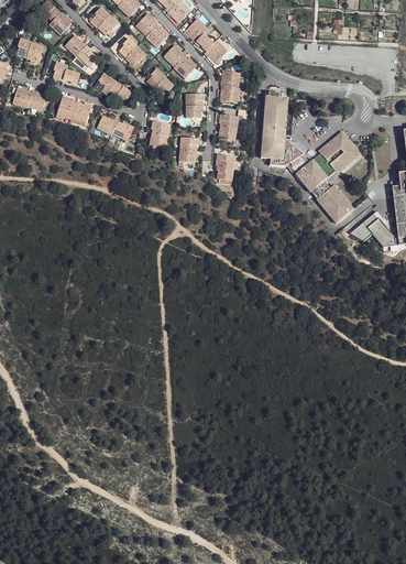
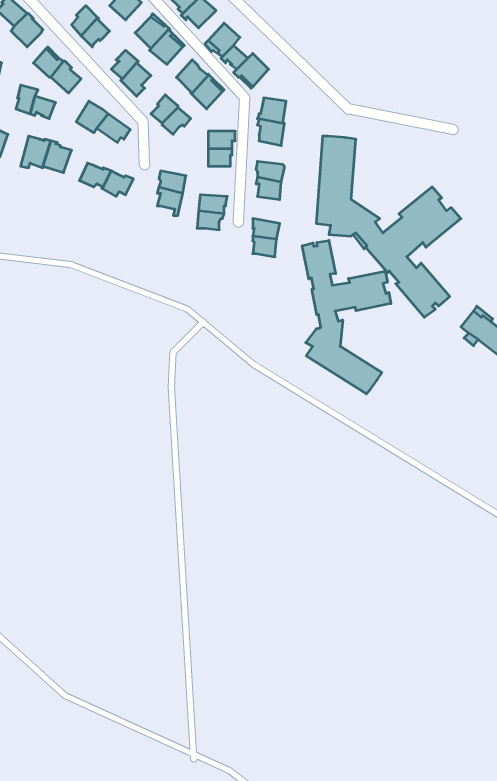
building: none -> [302,240,391,394]

